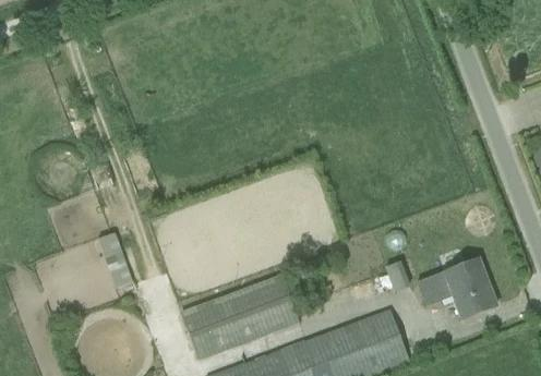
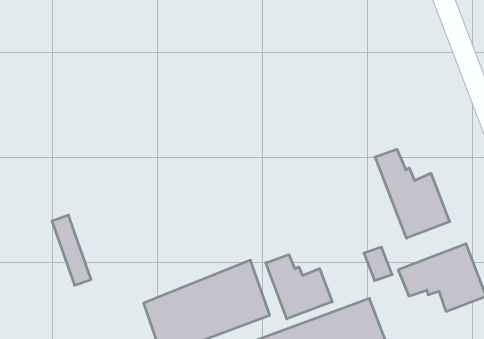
building: none -> [375,149,450,238]
building: none -> [266,255,332,319]

